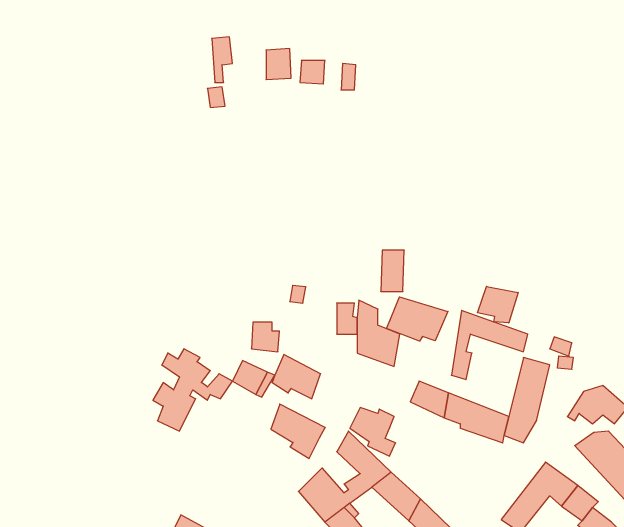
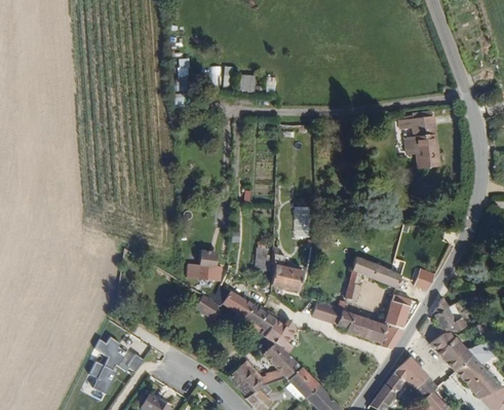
building: none -> [405,115,439,166]
building: [477,286,518,323] -> none
building: [386,297,448,341] -> none
building: [153,349,232,431] -> [85,340,141,398]
building: [271,404,325,459] -> [242,296,280,334]

